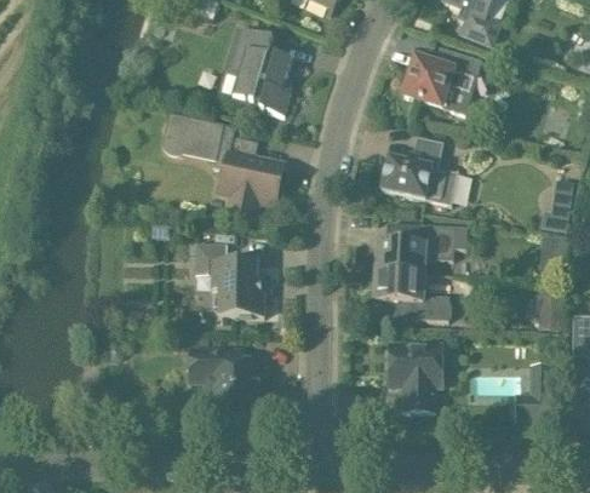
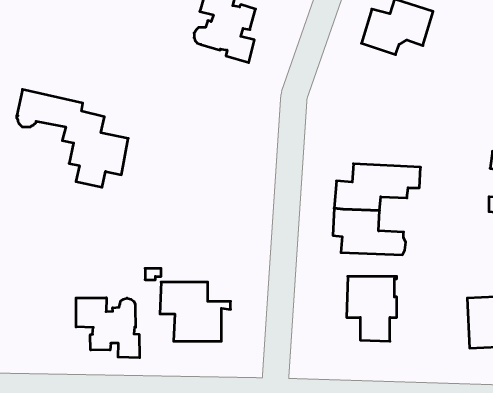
building: [164,113,282,217] -> [17,89,128,187]
building: [380,136,457,205] -> none
building: [195,243,263,316] -> none
building: none -> [76,298,140,358]

